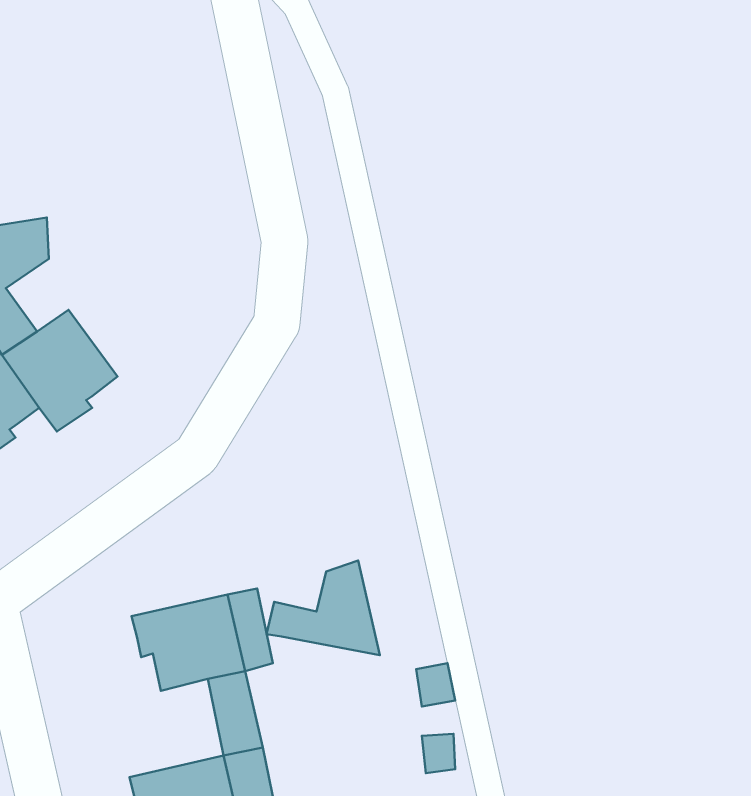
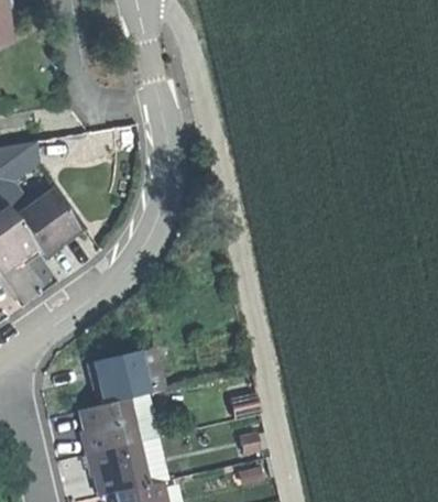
building: [267,561,380,655] -> none
building: none -> [79,399,136,454]

